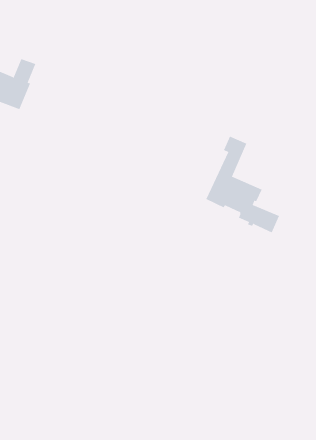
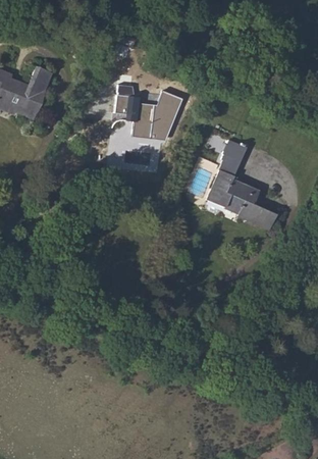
building: none -> [116,86,181,139]

